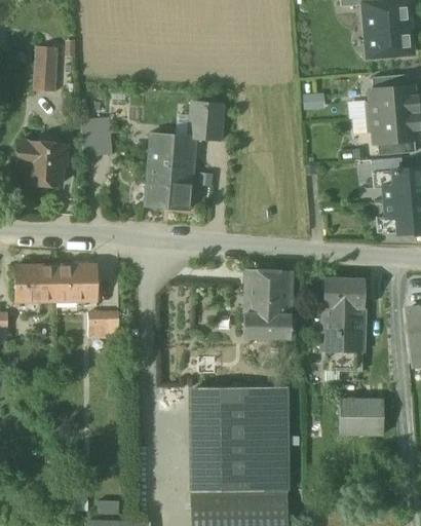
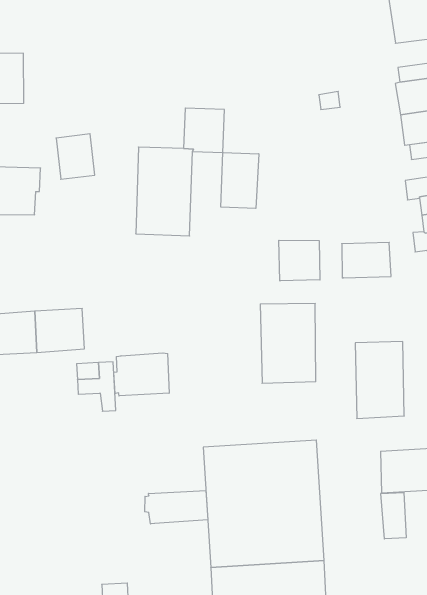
building: none -> [221,152,259,208]
building: none -> [279,240,320,281]
building: [322,278,363,308] -> [342,242,391,278]
building: none -> [114,353,169,396]
building: none -> [145,491,208,524]
building: none -> [381,492,406,539]

